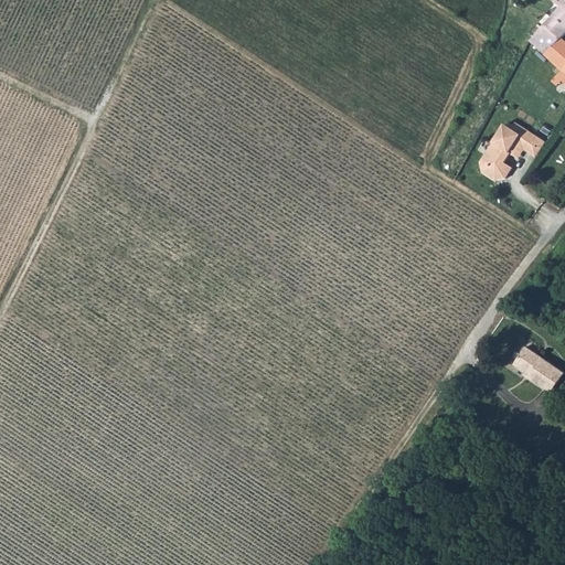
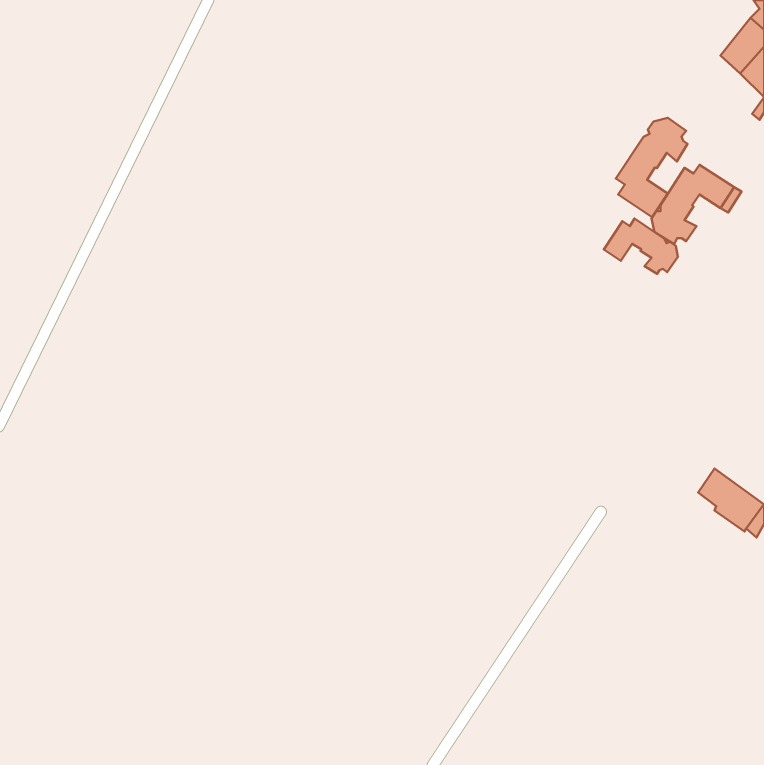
building: none -> [616,118,688,217]
building: none -> [604,219,678,274]

